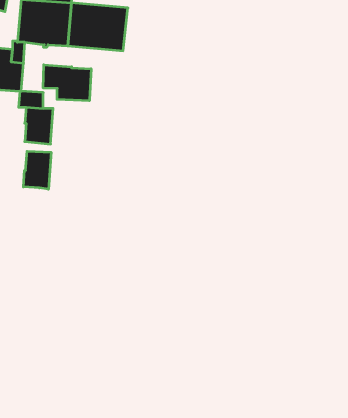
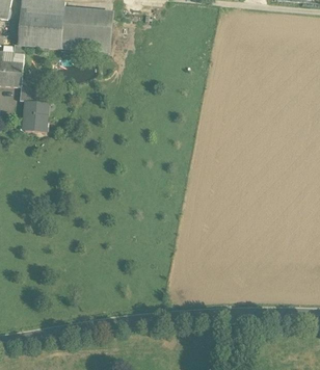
building: [43,65,91,101] -> none
building: [23,151,51,189] -> none

